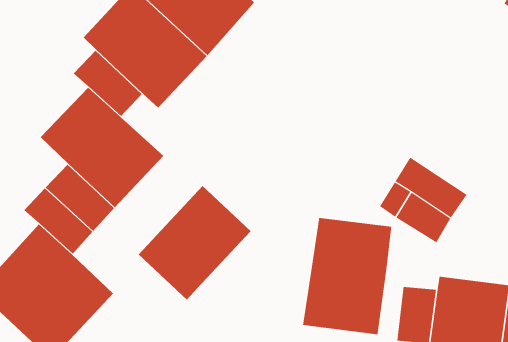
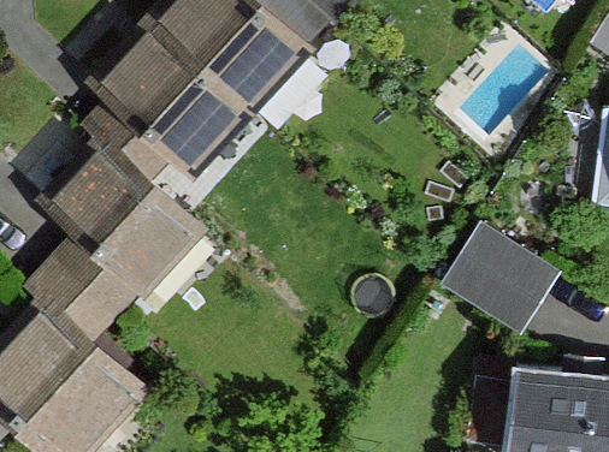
building: [138,185,251,301] -> none
building: [303,217,392,335] -> none

